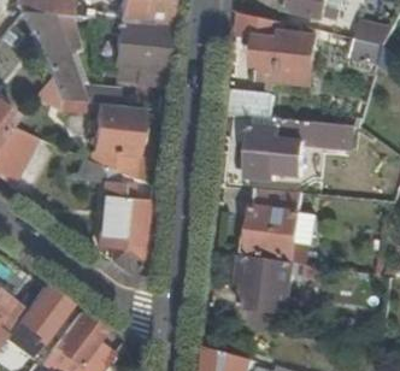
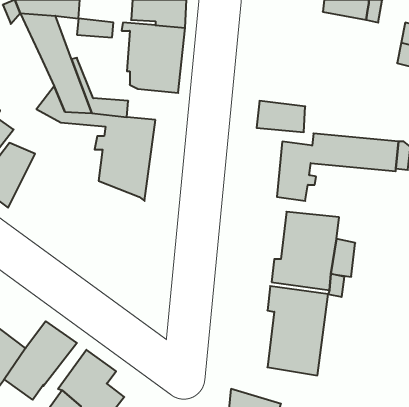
building: [239,14,318,84] -> none
building: [93,182,151,272] -> none

